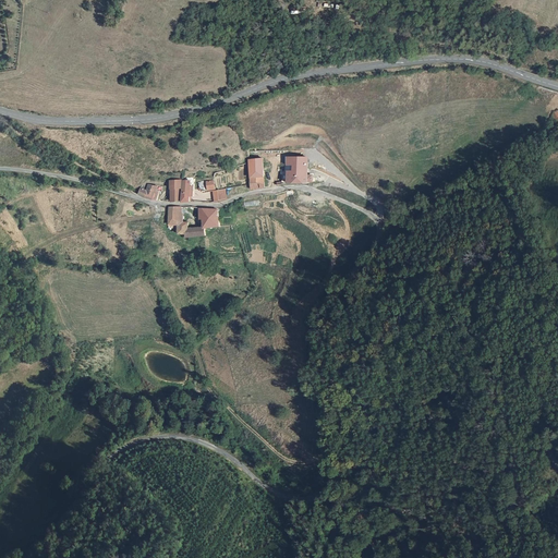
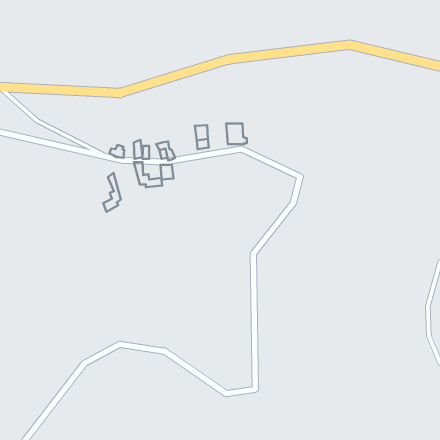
building: none -> [103,173,121,212]

